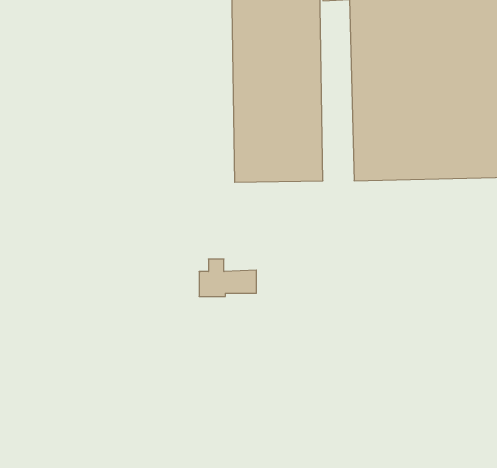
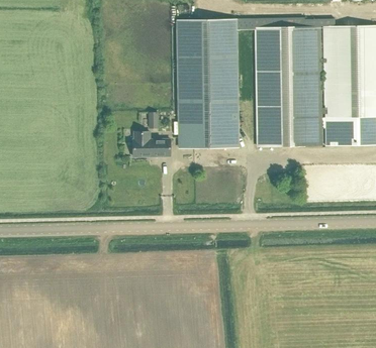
building: [199,259,256,296] -> [132,131,170,155]

